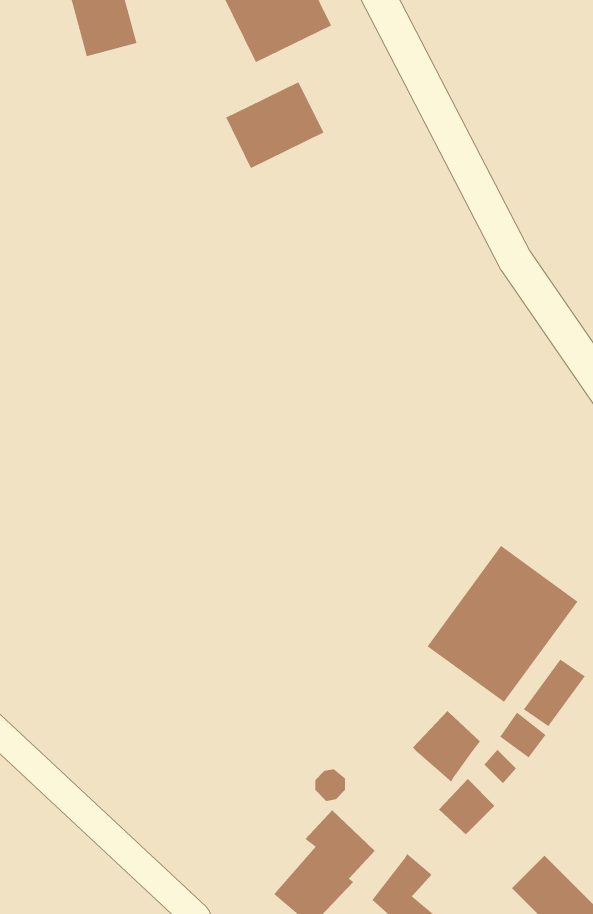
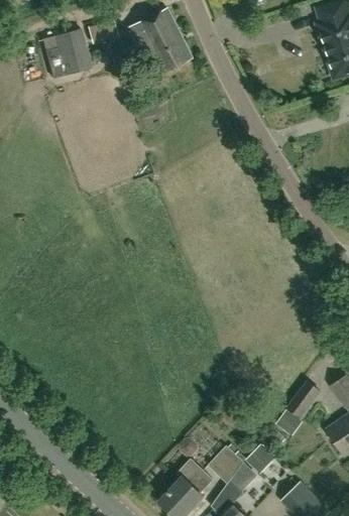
building: [225,81,324,169] -> none
building: [427,545,579,703] -> none
building: [412,710,481,783] -> [207,446,242,484]

